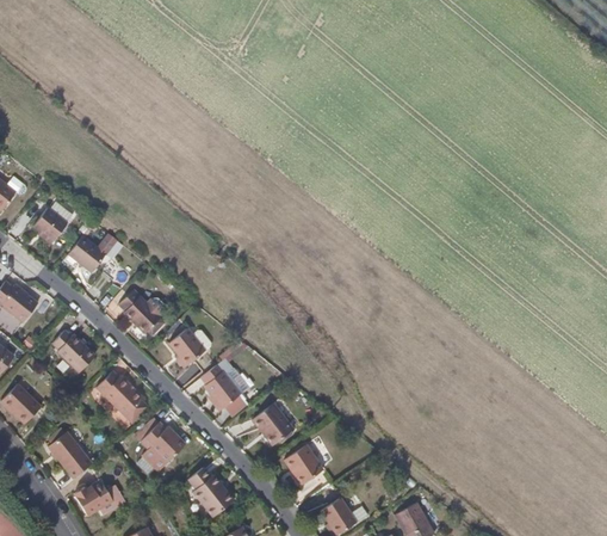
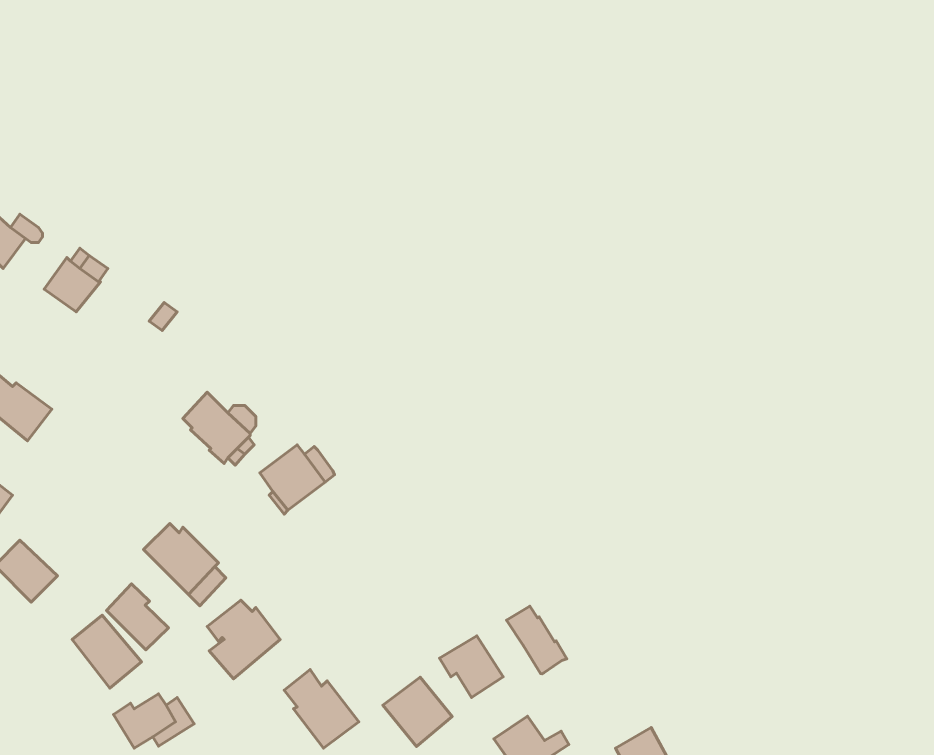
building: [64,235,104,272] -> none
building: [51,326,93,368] -> none
building: [202,362,243,409] -> none
building: [253,401,297,445] -> [383,677,452,746]
building: none -> [107,584,168,650]
building: none -> [507,606,567,674]

